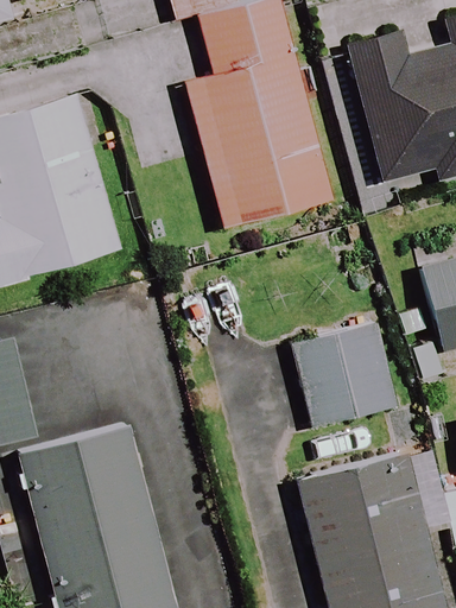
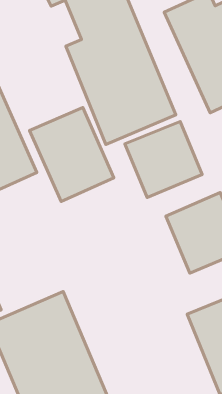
building: none -> [29,108,114,201]
building: none -> [125,121,202,198]

